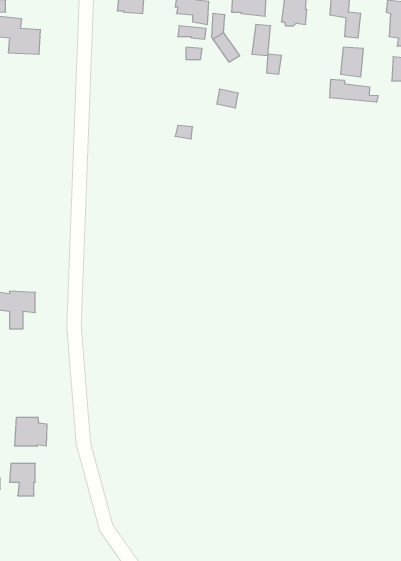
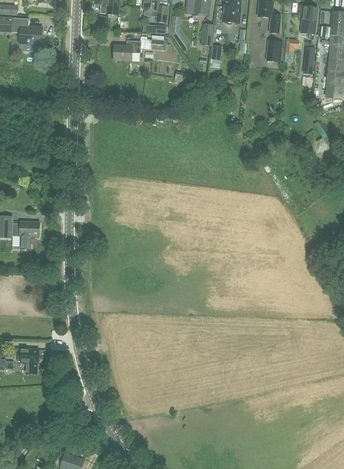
building: none -> [113,40,139,60]
building: [330,79,378,102] -> none
building: [15,417,47,446] -> none

